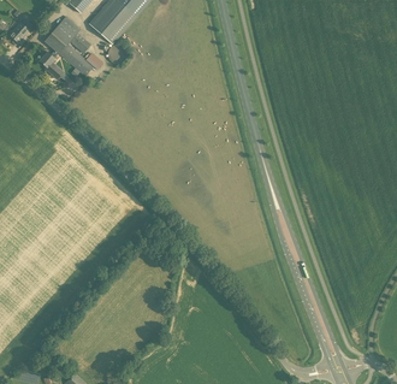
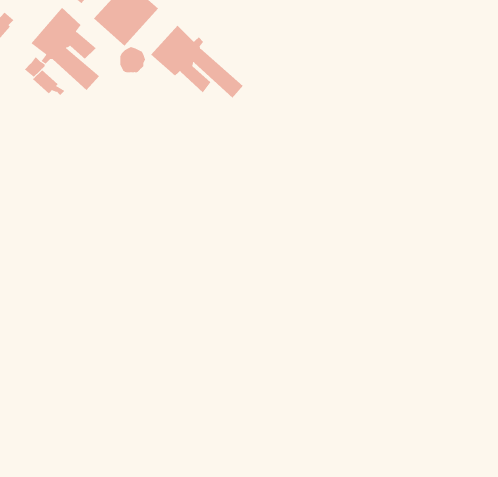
building: none -> [150,25,244,99]

